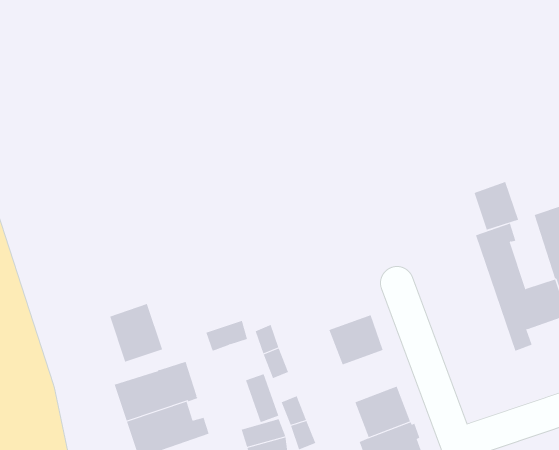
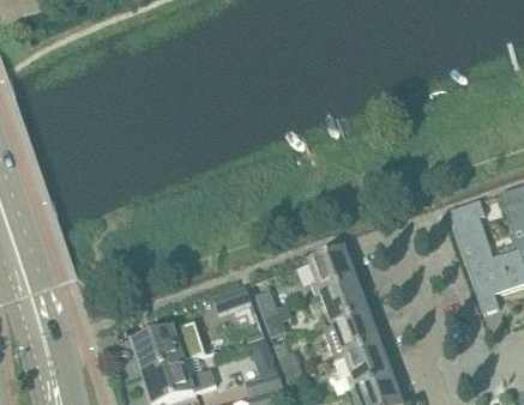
building: [474,181,519,230] -> none
building: none -> [307,246,356,291]
building: [109,303,163,363] -> none
building: none -> [323,309,379,357]

